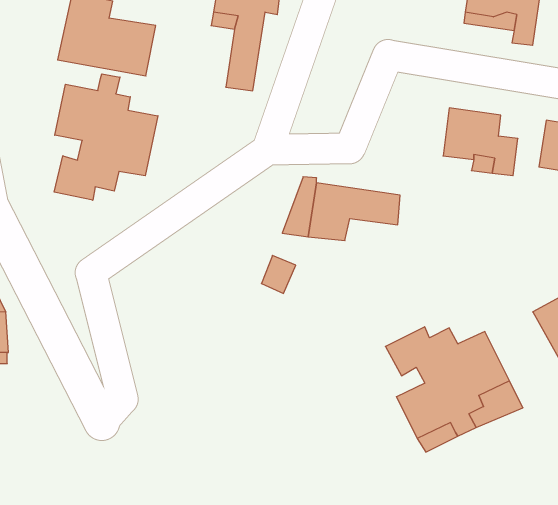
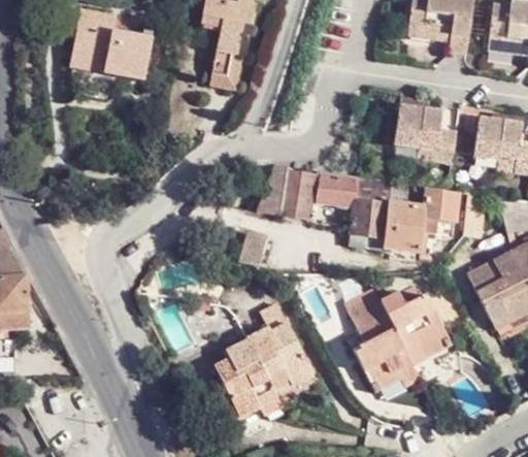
building: [54,74,158,200] -> none
building: none -> [349,178,457,252]
building: none -> [214,299,315,417]

